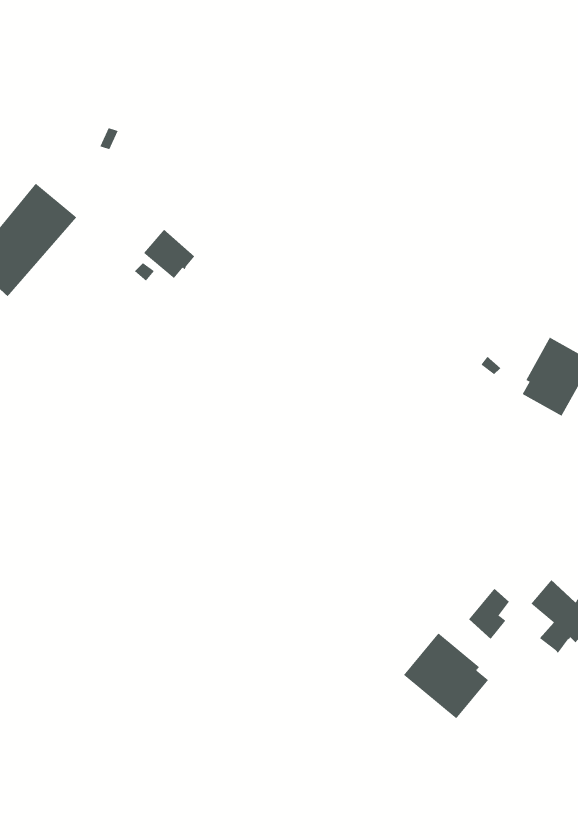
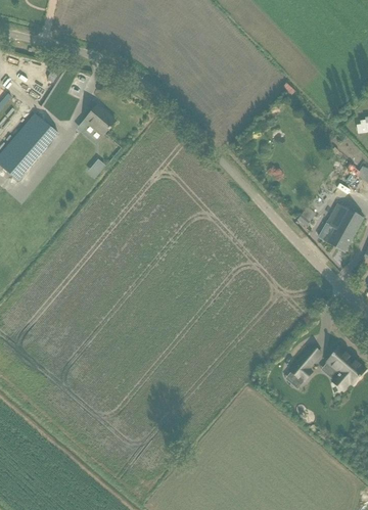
building: [143,229,195,279] -> [85,104,116,134]
building: [403,632,489,719] -> none

